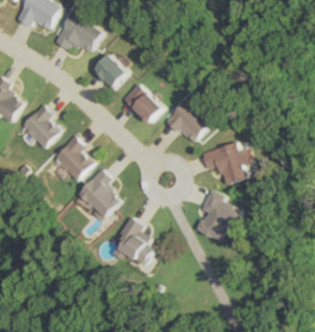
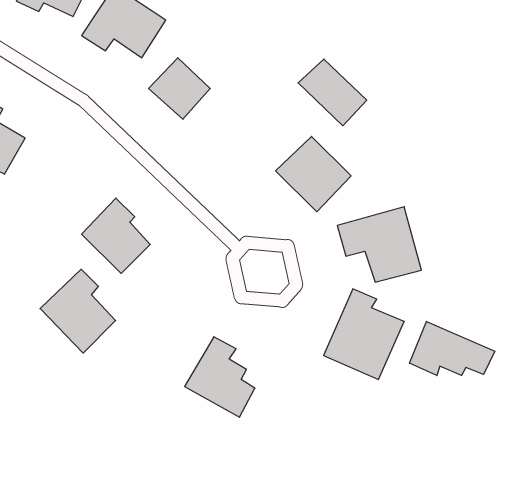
building: [126,84,166,123] -> [298,59,367,126]
building: [21,104,61,148] -> none
building: [78,170,123,219] -> [40,269,116,353]
building: none -> [410,321,495,376]

